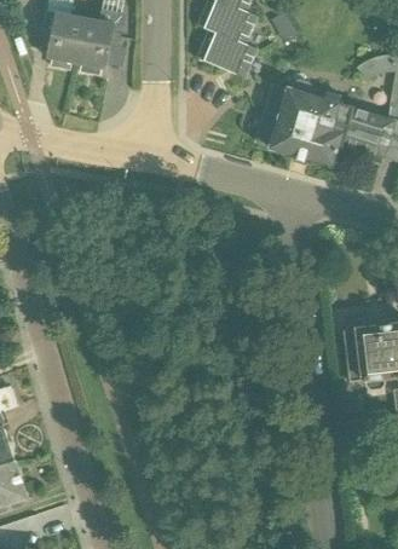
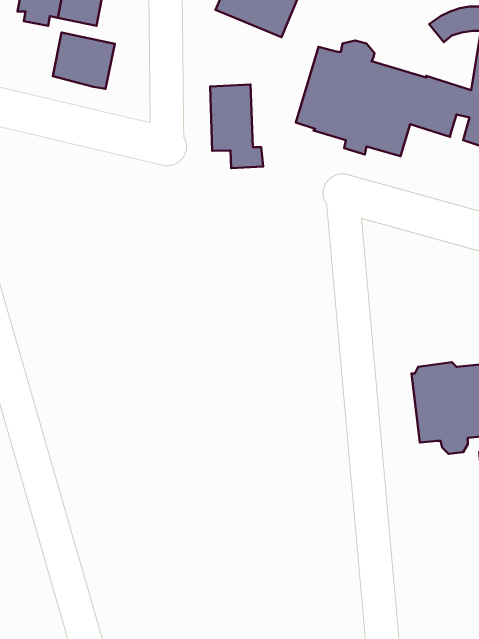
building: none -> [53,33,115,89]
building: none -> [210,85,263,168]

